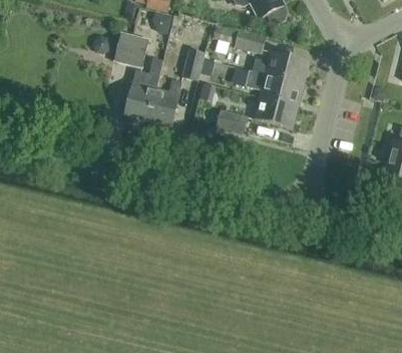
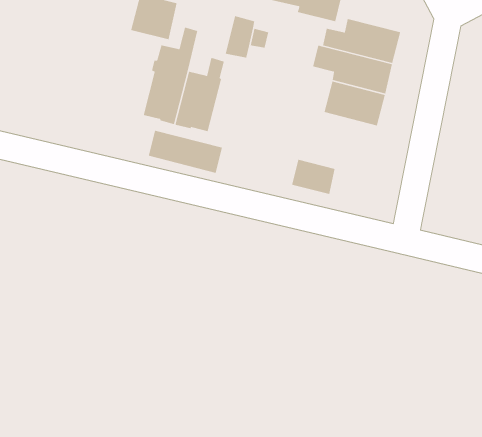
building: [216,108,248,134] -> [291,159,336,195]
building: none -> [148,130,223,174]

